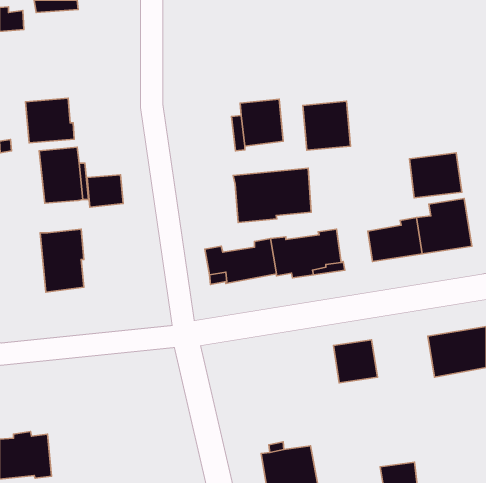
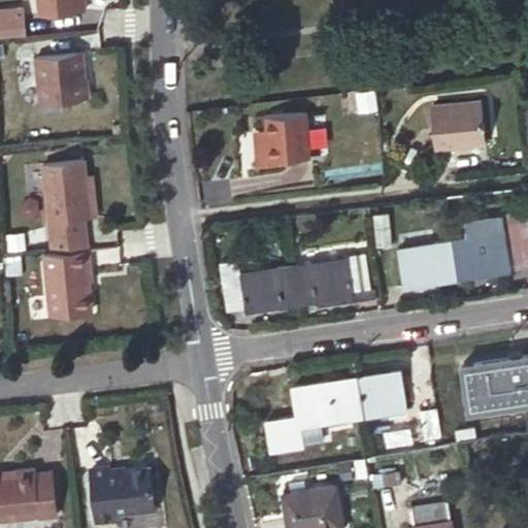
building: [25,98,74,143] -> [36,57,89,105]
building: [303,101,351,150] -> none
building: [409,153,462,198] -> [430,103,487,152]
building: [233,168,311,223] -> none
building: [87,175,123,207] -> [48,222,88,257]
building: none -> [268,378,367,451]
building: none -> [85,464,148,520]

